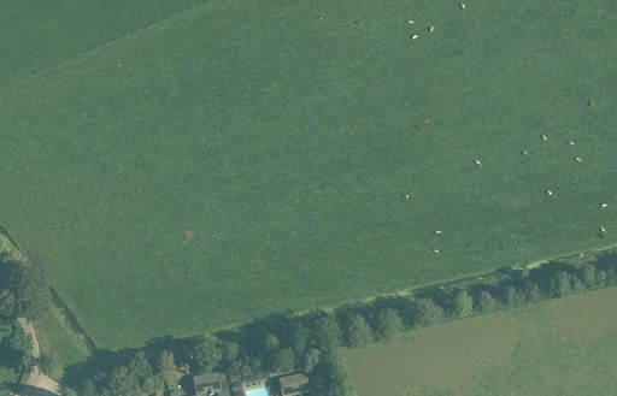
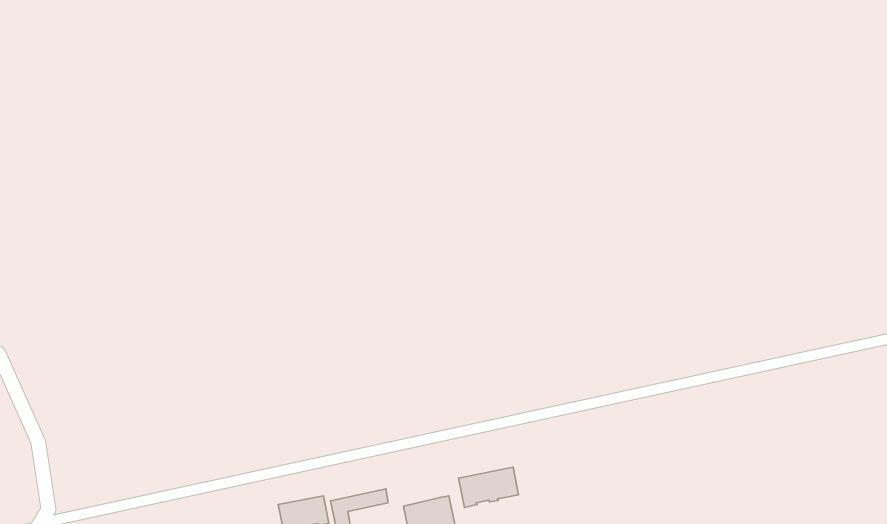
building: none -> [458,467,519,507]

